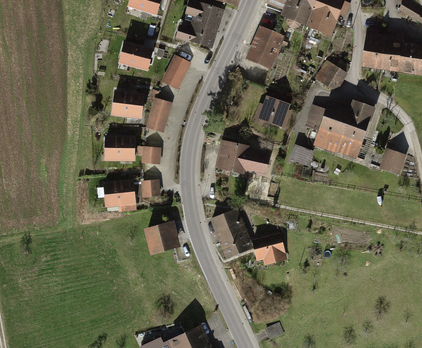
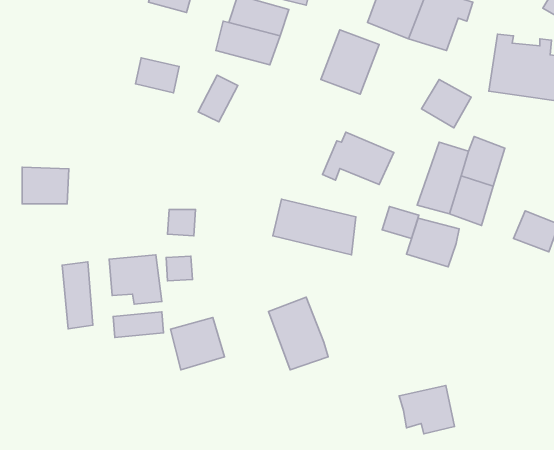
building: [110,89,144,118] -> none
building: [144,96,172,132] -> none
building: [103,135,135,160] -> [22,167,69,204]
building: none -> [406,218,459,267]
building: none -> [62,262,93,329]
building: none -> [113,312,164,337]
building: [248,231,286,264] -> [399,386,455,434]

